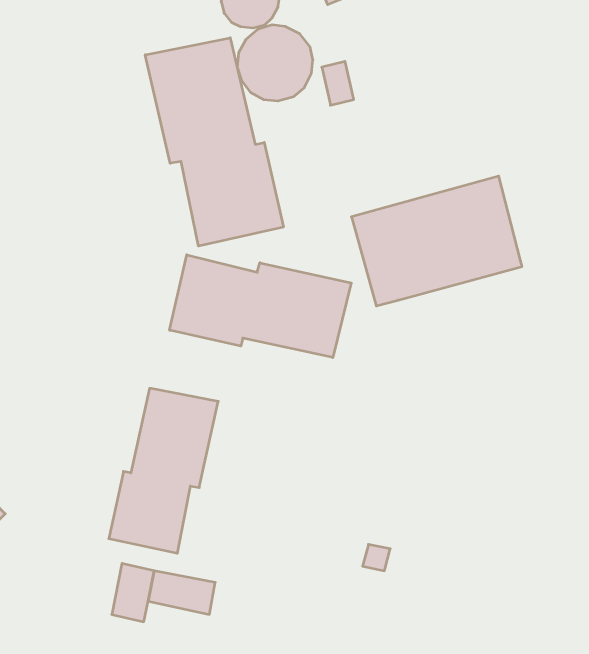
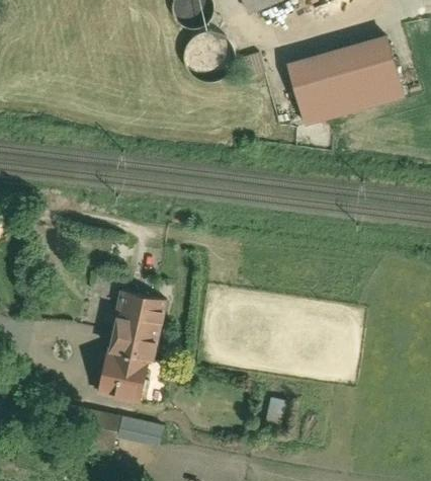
building: [145,38,283,246] -> none
building: [351,176,522,306] -> [285,39,404,130]
building: [170,255,351,358] -> none

